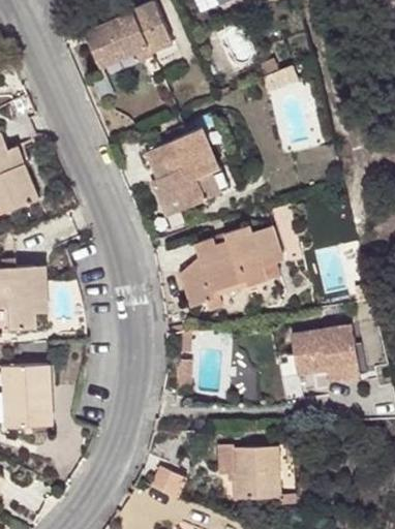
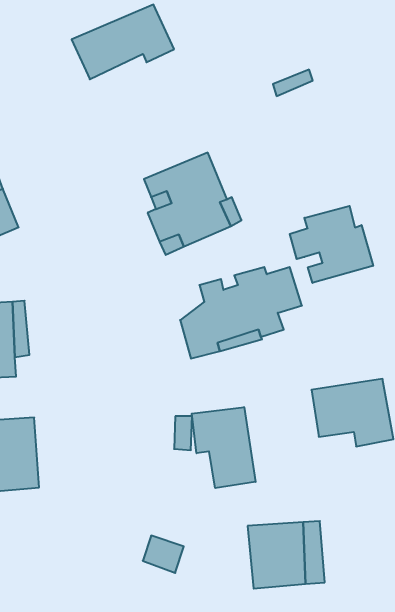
building: none -> [290,206,373,283]
building: none -> [192,407,256,488]

